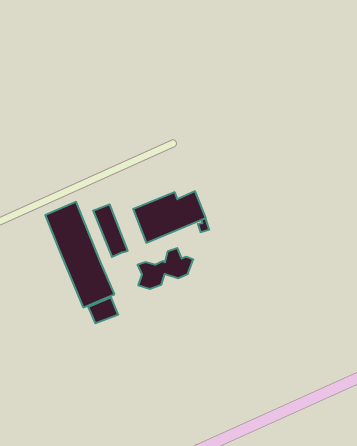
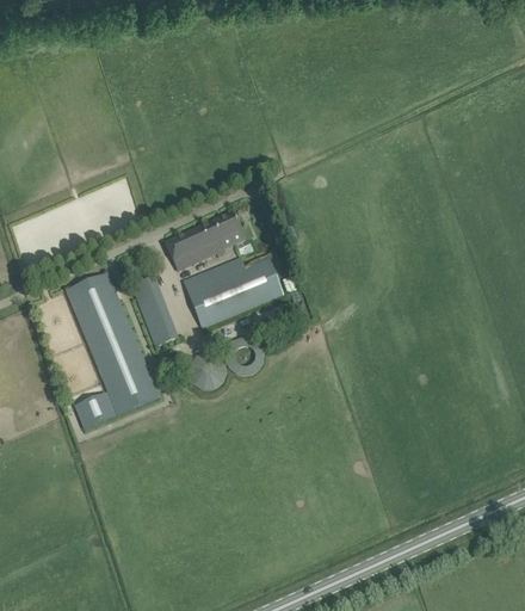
building: none -> [166,212,241,270]
building: [88,298,118,323] -> [75,393,116,427]

